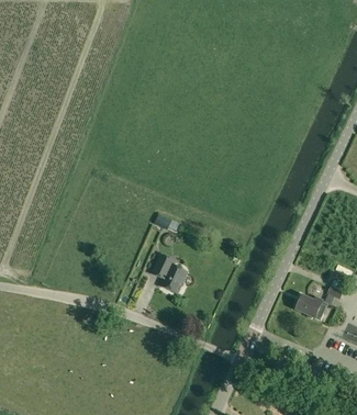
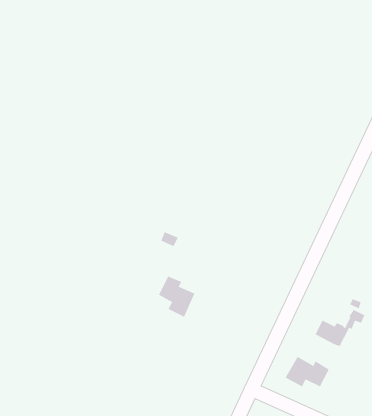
building: none -> [285,356,330,387]

